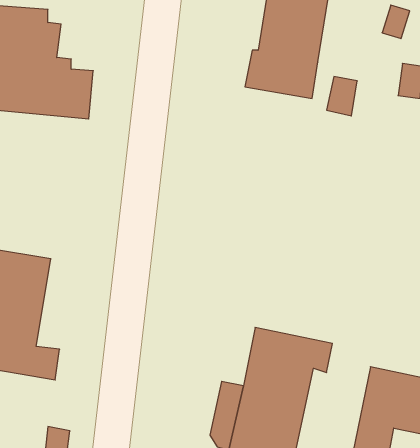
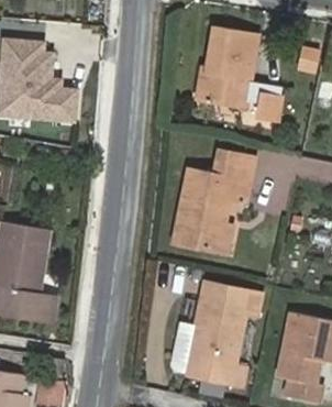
building: none -> [173,151,254,252]

